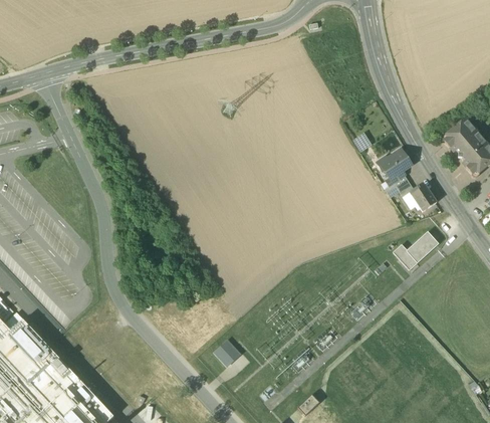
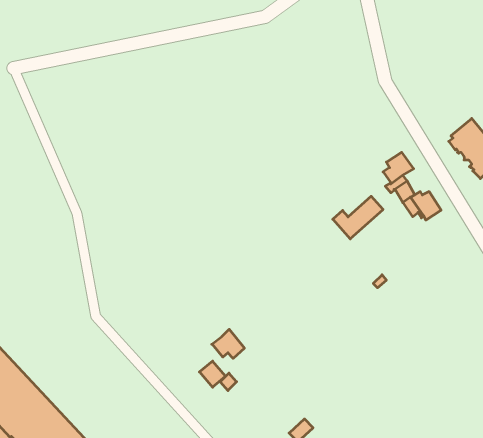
building: [393,231,439,270] -> [333,196,383,239]
building: none -> [212,329,244,358]

